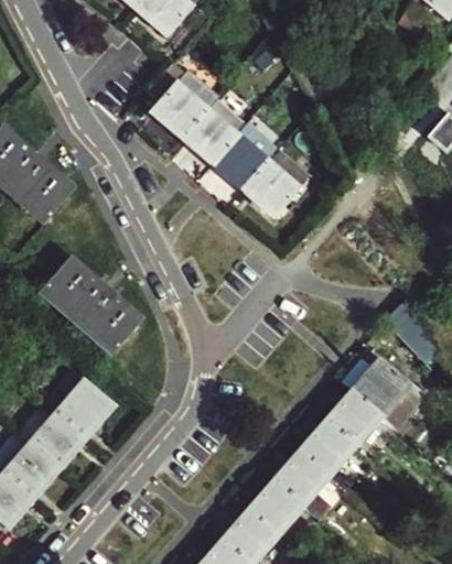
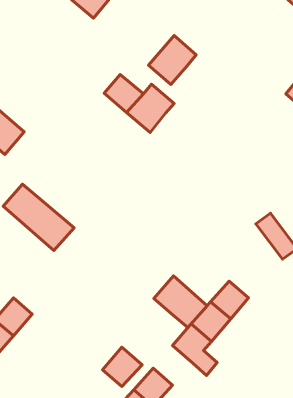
building: [149,68,214,135] -> [148,35,196,85]
building: [243,163,293,215] -> none
building: [351,361,423,432] -> [154,276,207,328]
building: [56,383,109,437] -> none
building: [247,480,301,534] -> [103,347,142,387]

